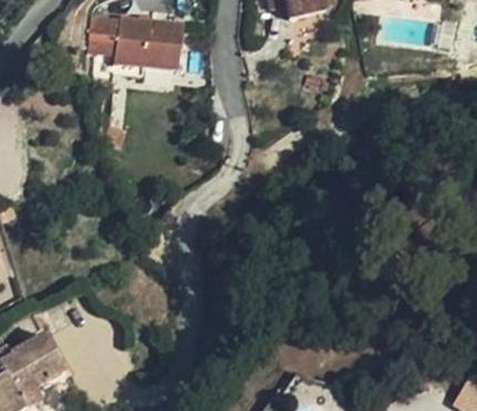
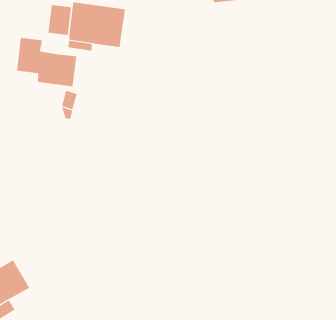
building: none -> [16,37,77,87]

